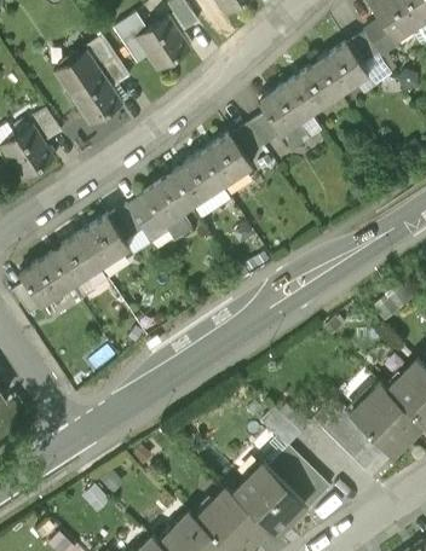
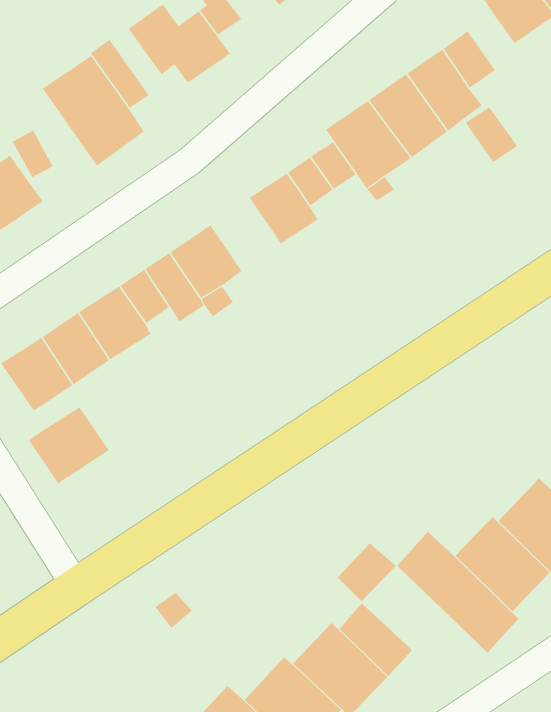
building: [362,18,401,59] -> [465,106,518,163]
building: [174,152,225,205] -> none
building: none -> [28,407,110,484]

